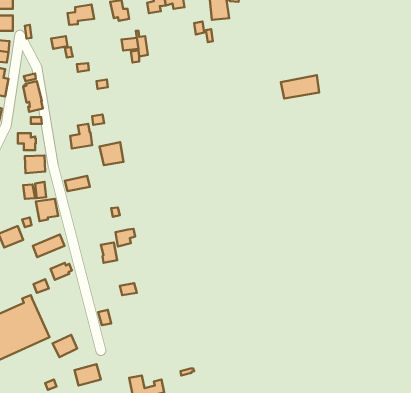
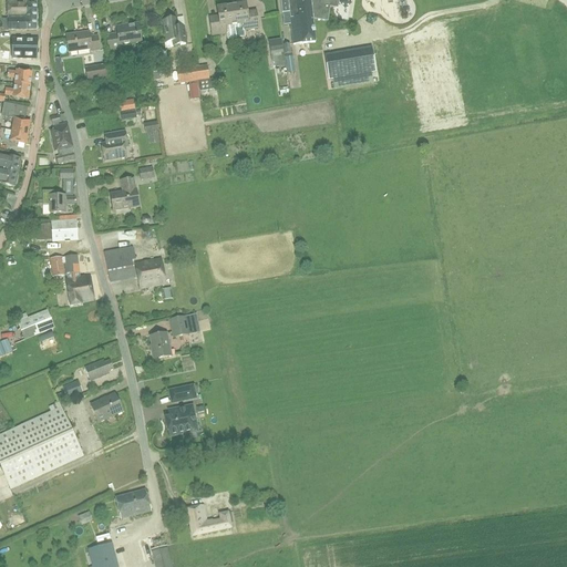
building: none -> [65,30,99,51]
building: [281,75,319,98] -> [324,48,374,78]
building: none -> [100,128,128,161]
building: [100,142,124,165] -> [134,257,165,287]
building: [33,235,64,257] -> none
building: none -> [165,403,195,435]
building: [52,335,77,357] -> [90,392,122,421]

